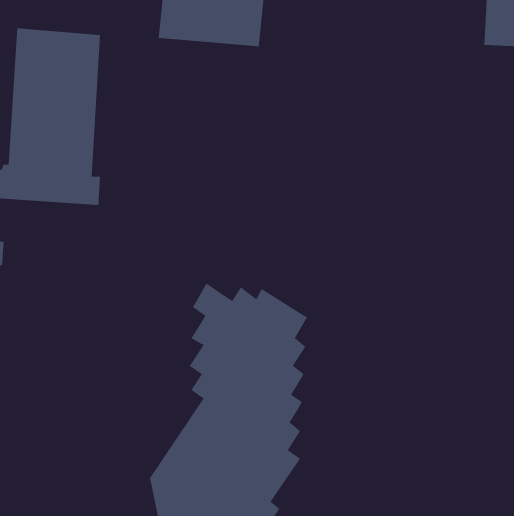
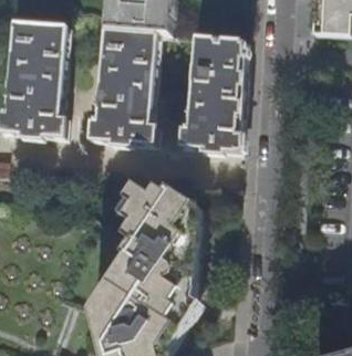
building: none -> [89,27,156,142]
building: none -> [179,34,245,148]

